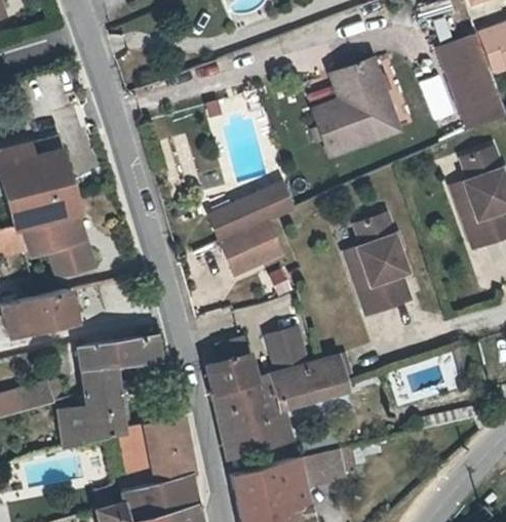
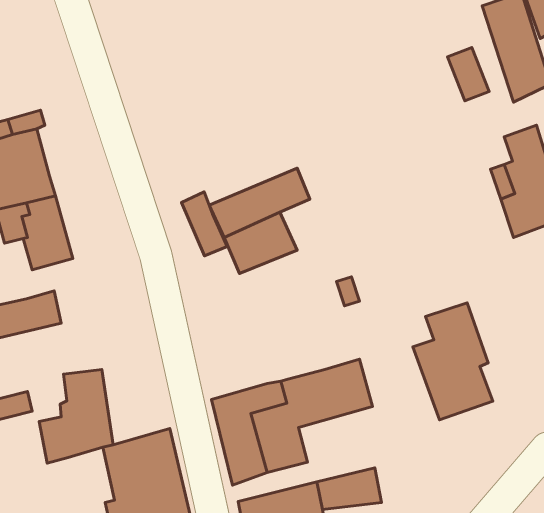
building: [320,57,401,149] -> none
building: none -> [181,192,227,256]
building: [343,214,414,318] -> [413,303,493,420]
building: [266,324,310,370] -> none
building: [75,332,157,366] -> none
building: [205,355,259,389] -> none

